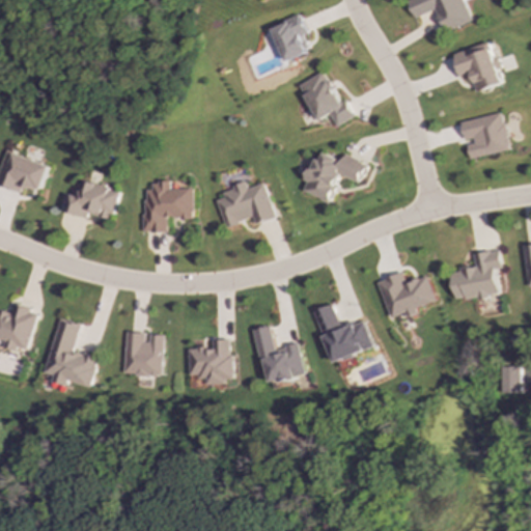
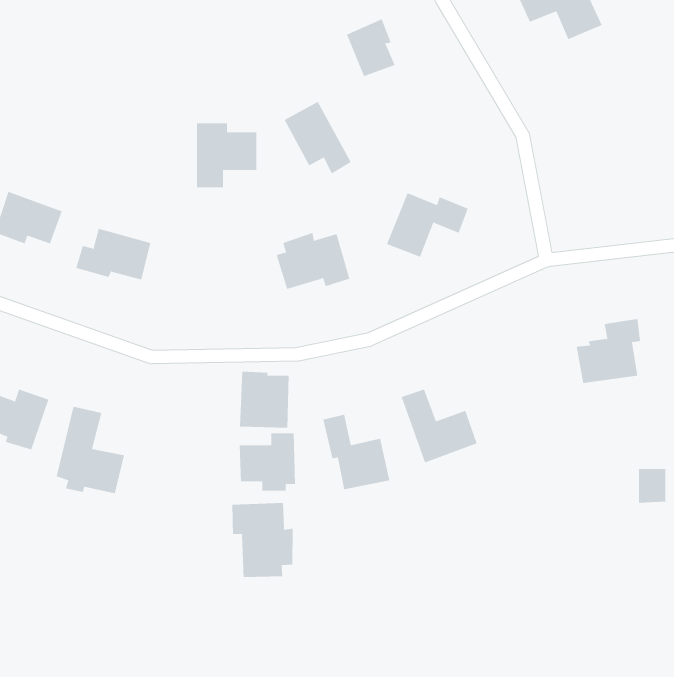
building: [451,41,502,92] -> none
building: [298,69,351,127] -> [284,101,351,174]
building: [459,112,509,158] -> none
building: [144,180,192,231] -> [196,123,257,188]
building: [376,272,436,317] -> none
building: [122,331,162,375] -> [239,371,289,428]
building: none -> [232,502,293,578]

